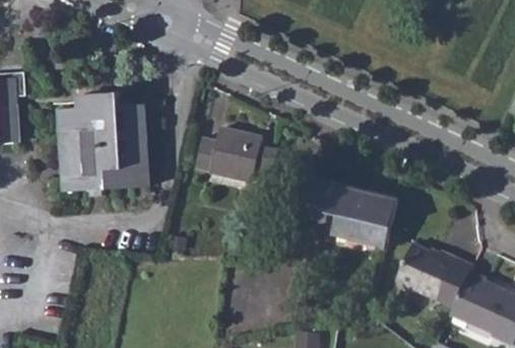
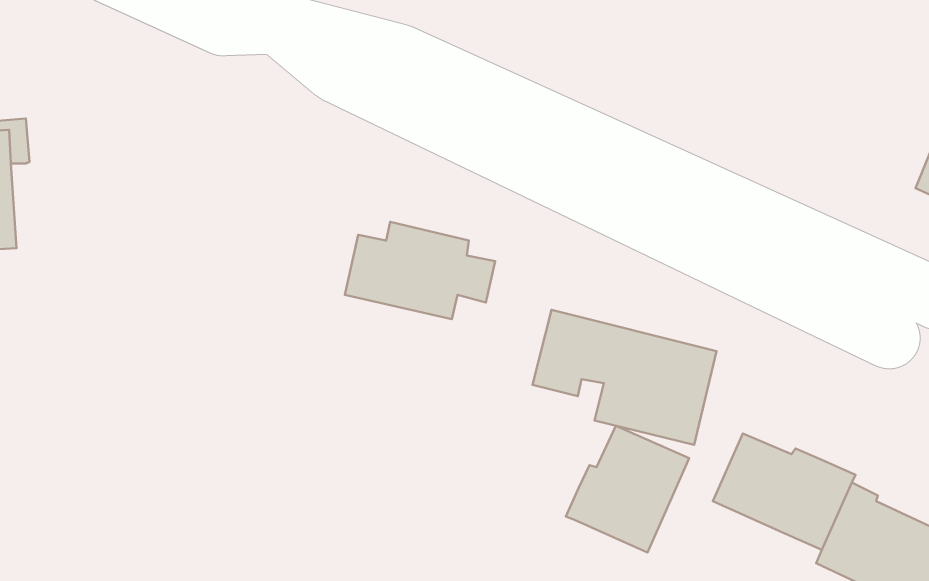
building: [62,91,145,193] -> none
building: none -> [566,426,689,552]

